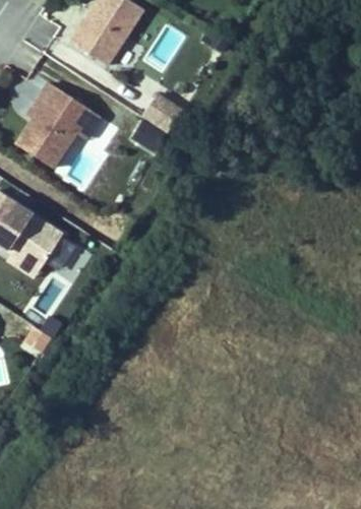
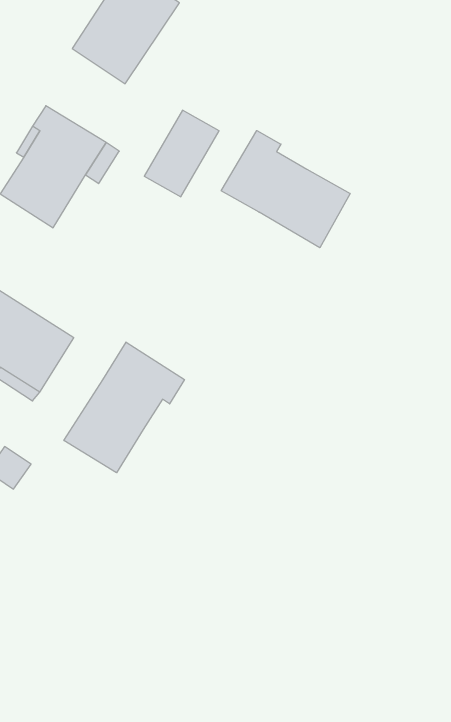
building: none -> [221,131,350,248]
building: none -> [64,342,184,473]

